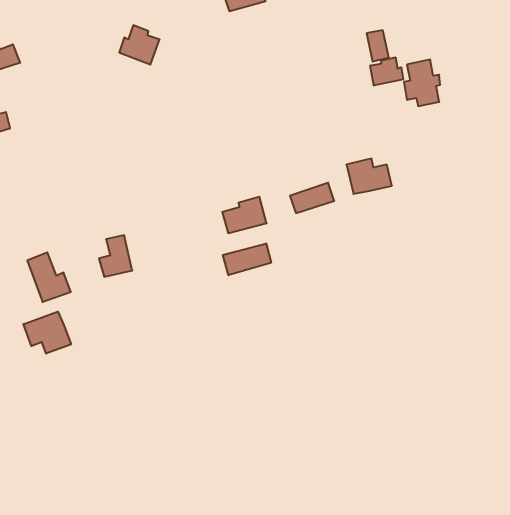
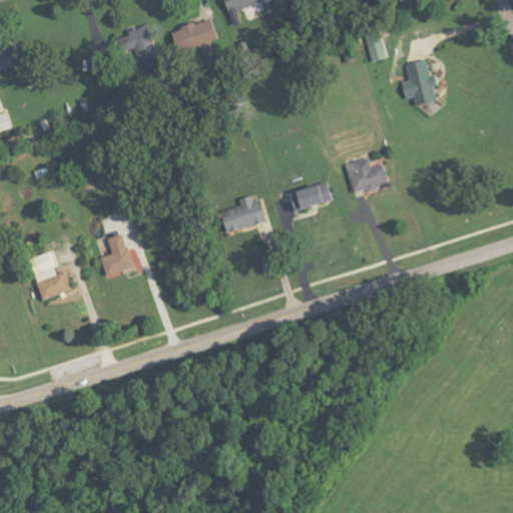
building: none -> [178,17,214,48]
building: [370,57,403,86] -> none
building: [223,243,271,275] -> none
building: [23,312,71,354] -> none

